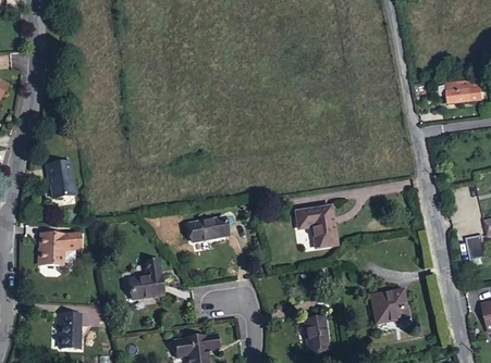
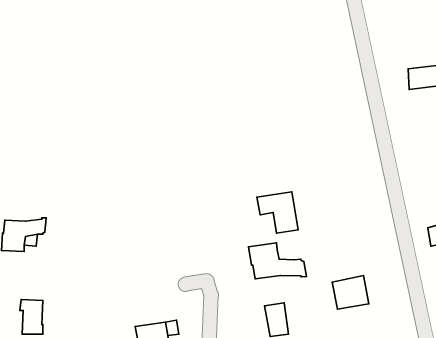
building: [45,161,73,198] -> none
building: [188,217,226,240] -> none
building: none -> [248,243,306,279]
building: [128,260,162,299] -> none

